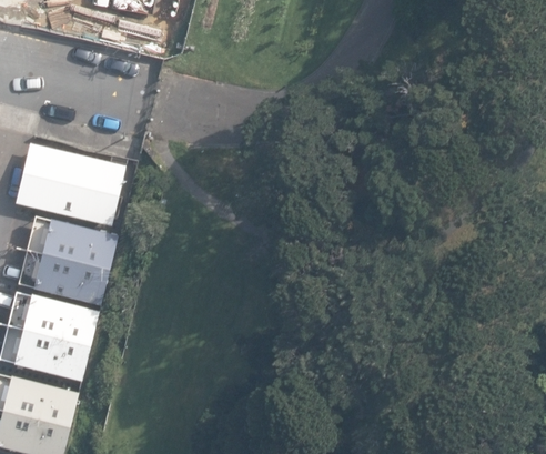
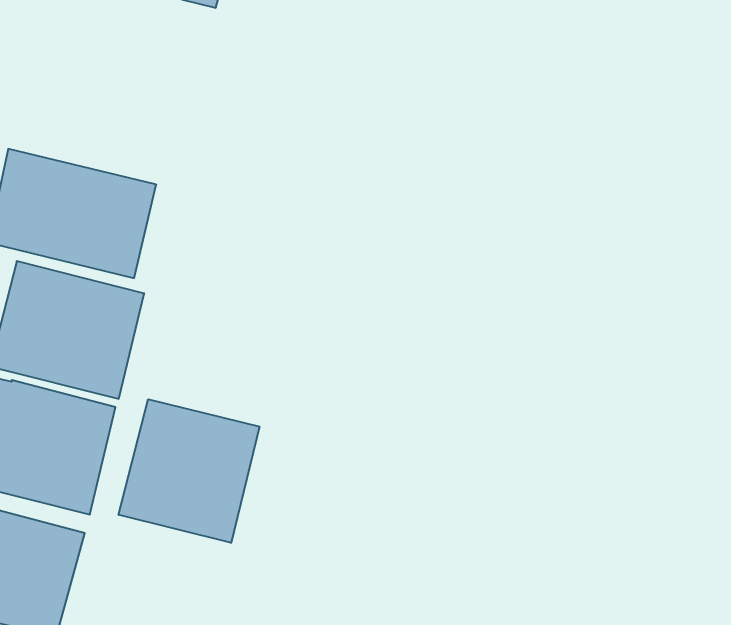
building: none -> [119,399,259,543]

